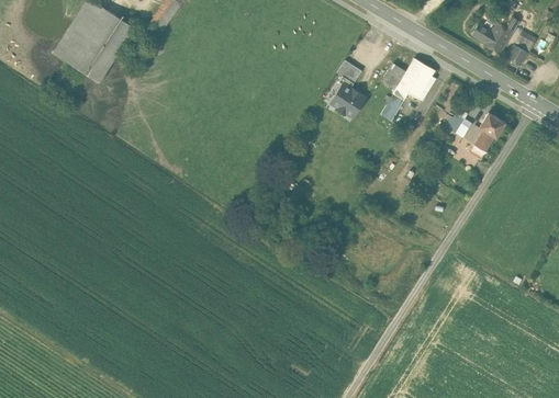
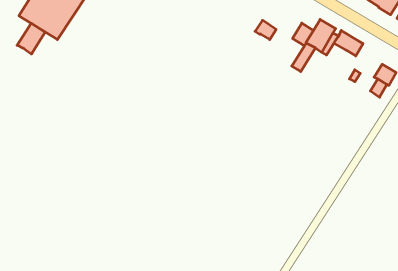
building: none -> [17,23,45,54]
building: none -> [334,30,363,56]
building: [331,76,365,116] -> none

